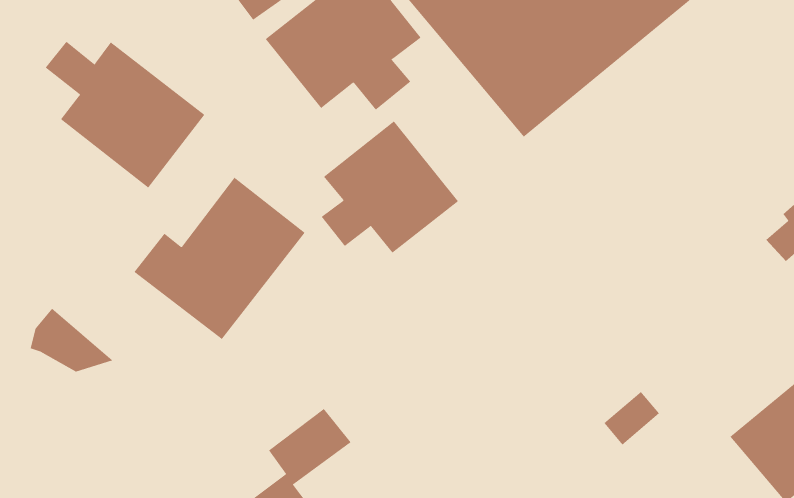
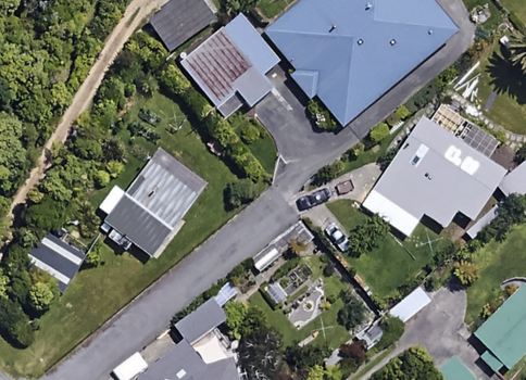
building: [45,41,205,188] -> none
building: none -> [363,100,504,236]
building: [321,121,459,254] -> none

